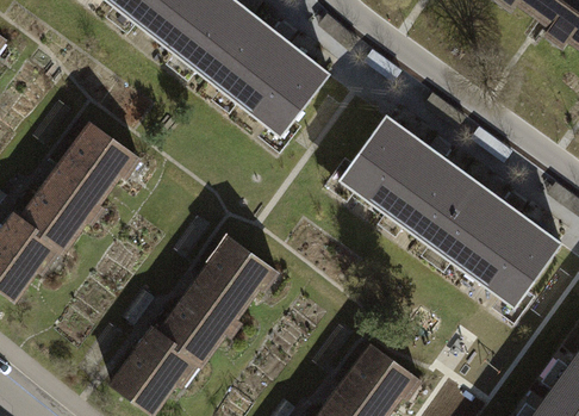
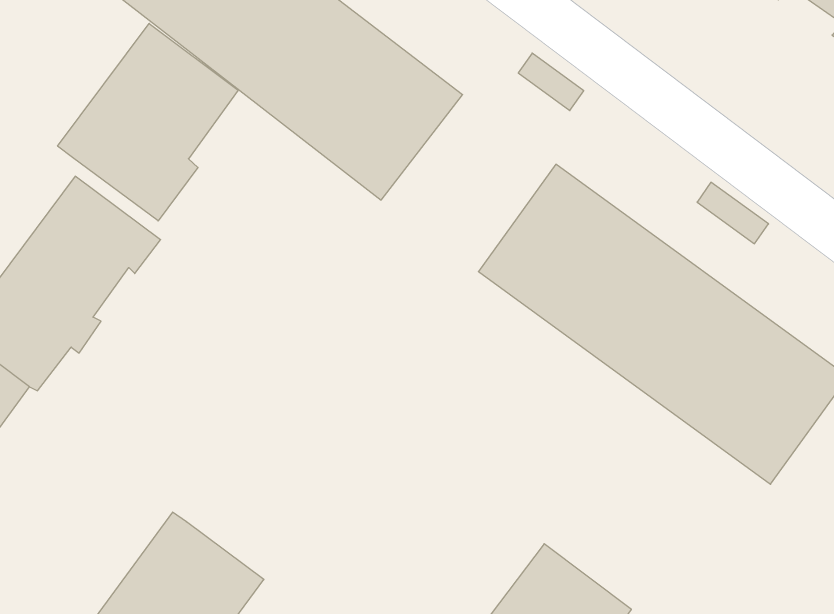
building: none -> [58,23,238,221]
building: [160,234,282,362] -> none

